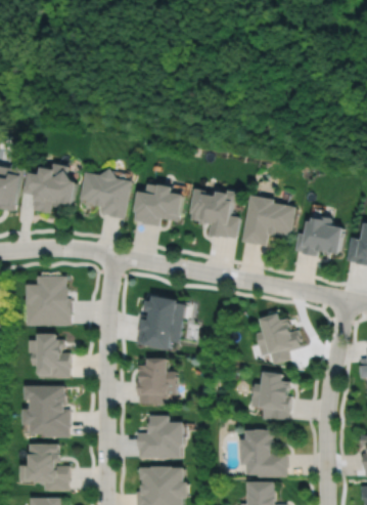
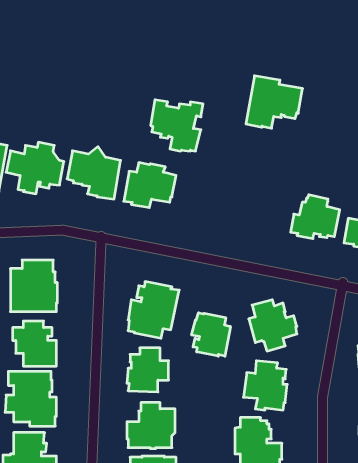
building: [191,190,241,239] -> [151,100,203,151]
building: [240,196,294,246] -> [246,76,303,128]
building: none -> [192,313,230,356]

